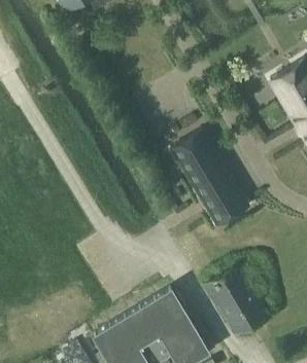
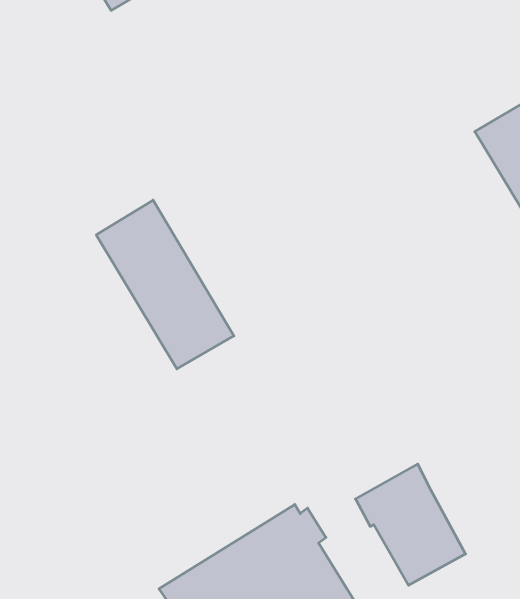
building: [172,132,249,226] -> [96,200,234,369]

